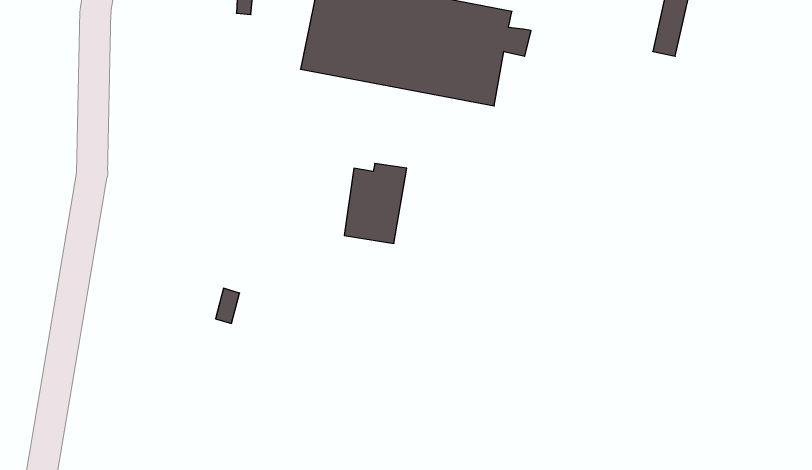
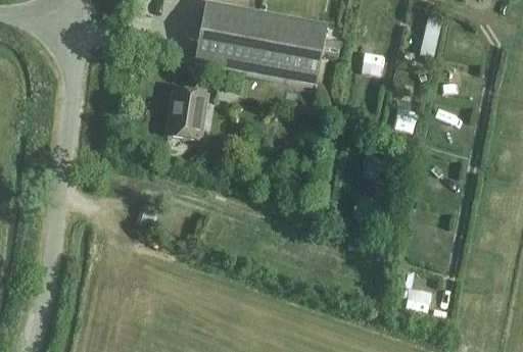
building: [344,163,407,243] -> [168,87,207,138]

